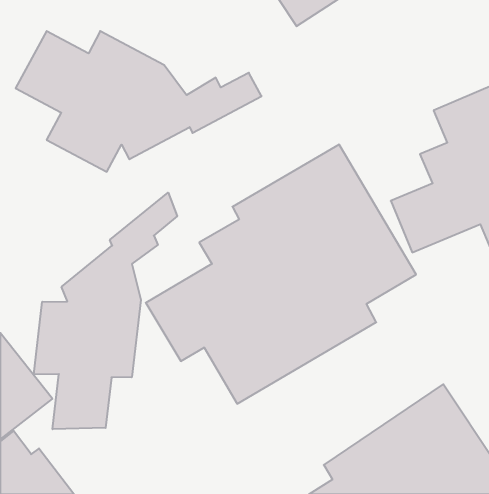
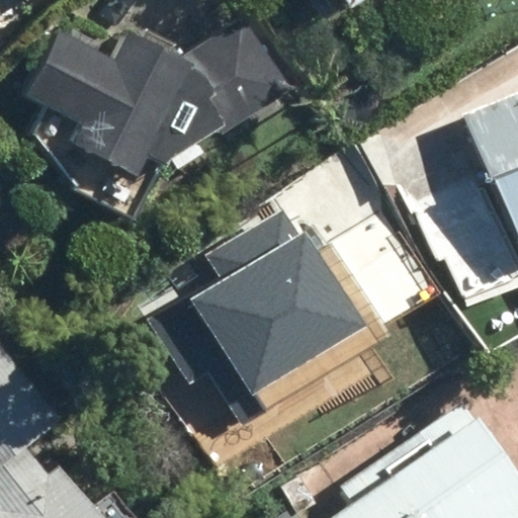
building: [34,193,177,429] -> none

